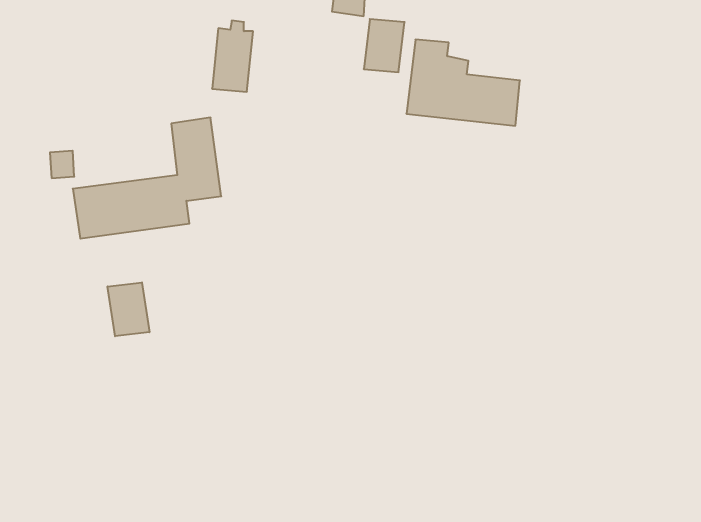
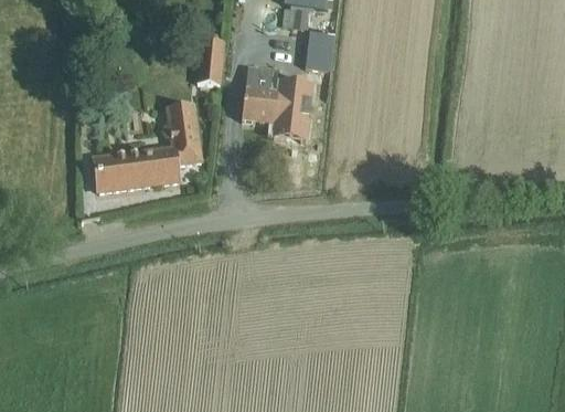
building: [406,40,520,126] -> [242,65,324,128]
building: [108,282,149,336] -> none

